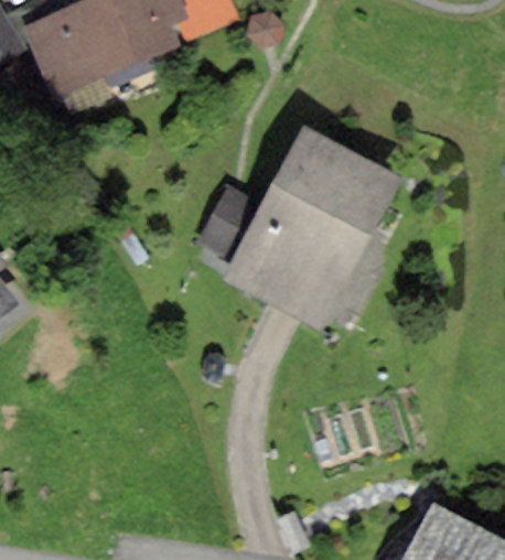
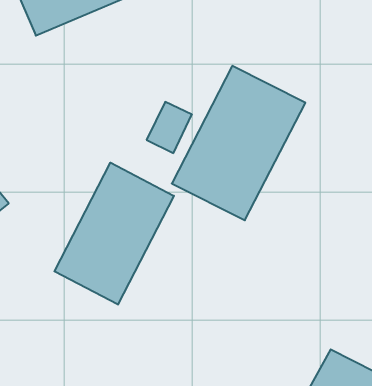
building: none -> [54,163,174,305]

